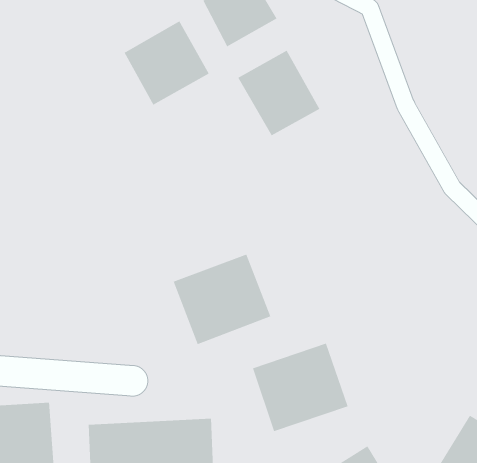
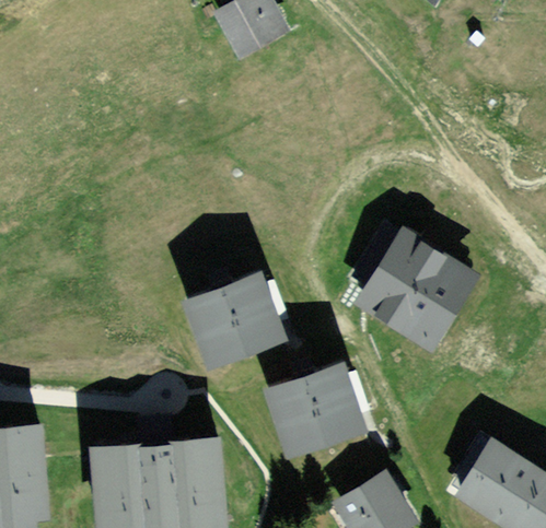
building: [124,21,209,105] -> none
building: [238,50,320,136] -> none
building: none -> [351,224,480,353]

